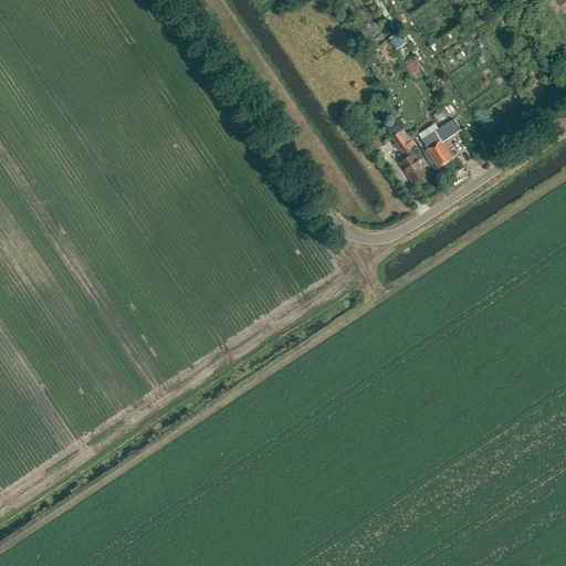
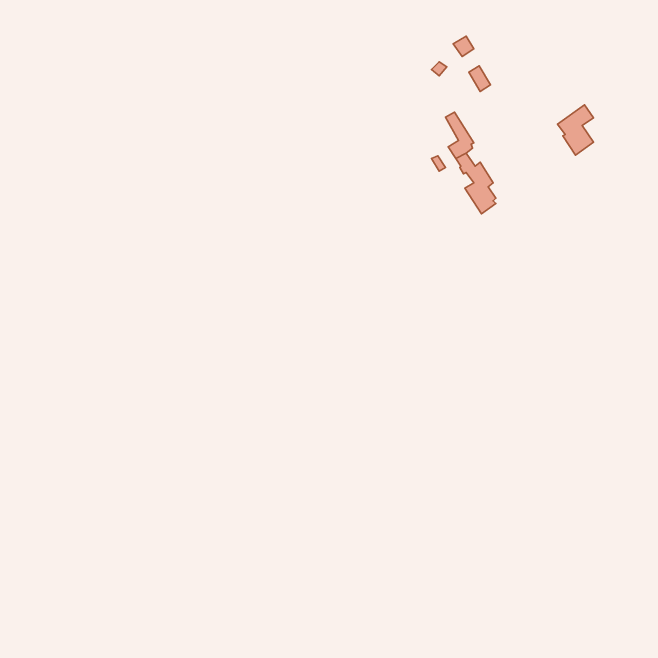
building: [422,124,453,167] -> [558,105,594,155]

